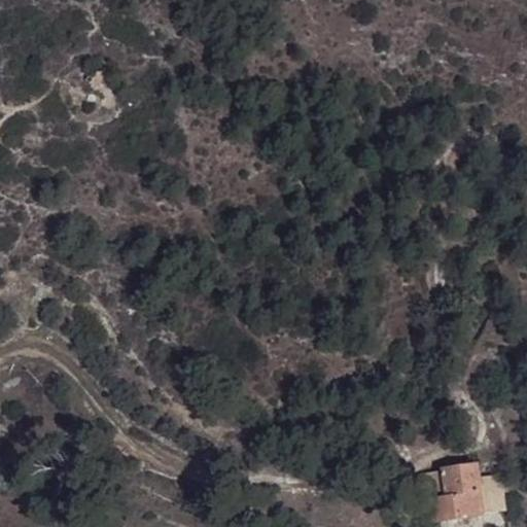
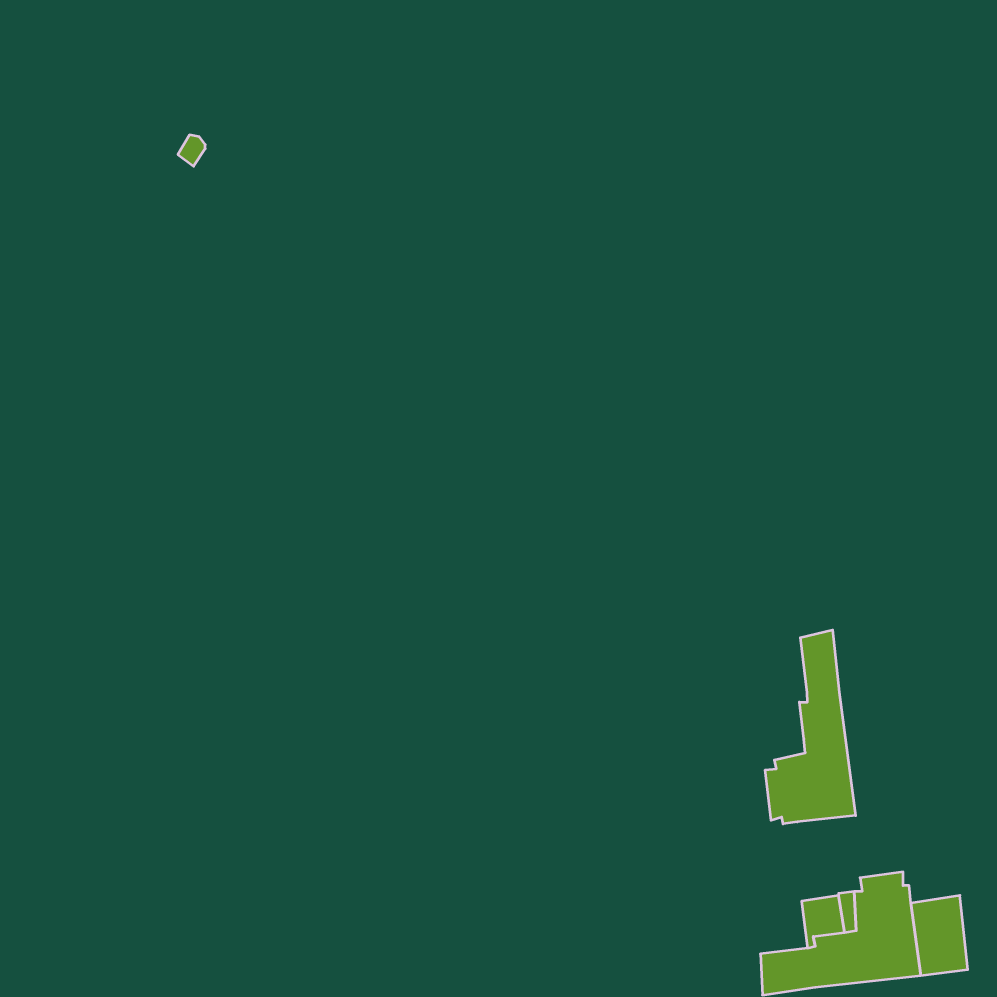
building: none -> [765,630,856,824]

